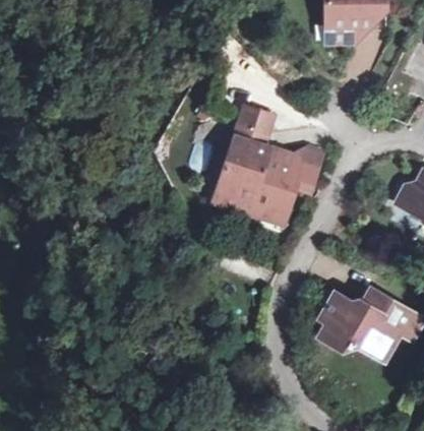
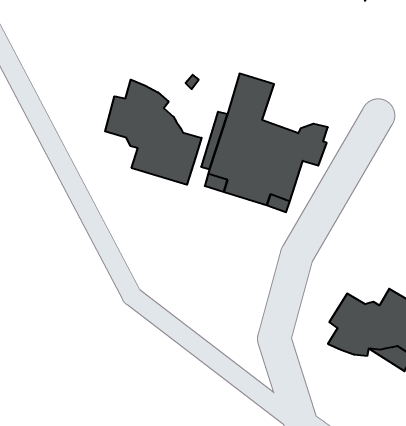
building: none -> [105,80,202,185]

